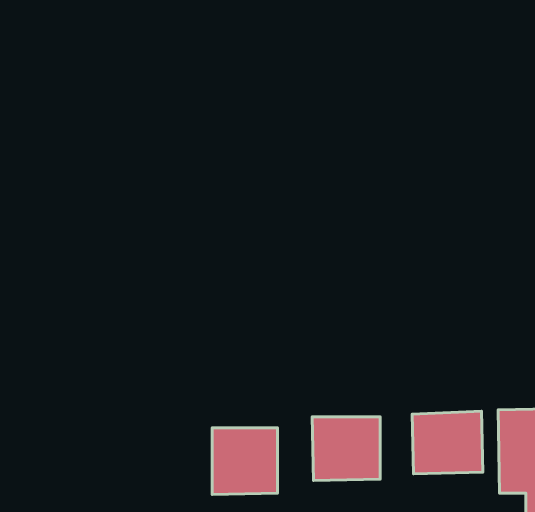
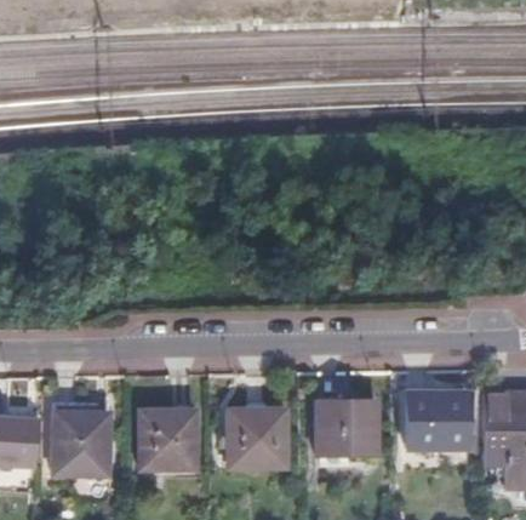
building: none -> [56,401,112,475]
building: none -> [143,410,200,468]

